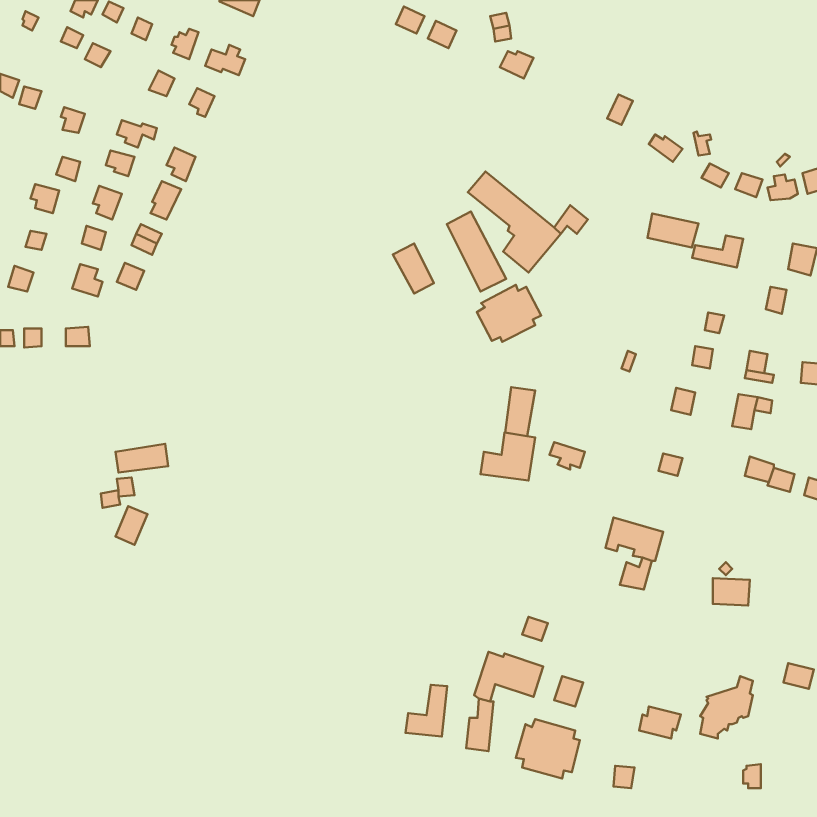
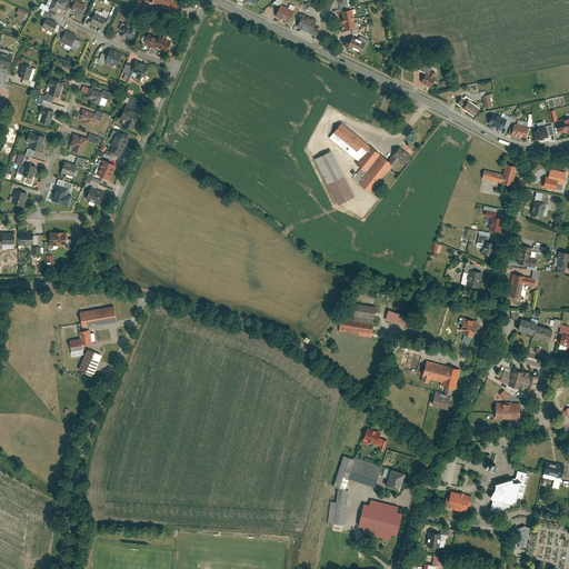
building: [647,214,699,247] -> none
building: [393,243,434,293] -> none
building: [477,285,541,342] -> none
building: [505,387,535,436] -> none
building: none -> [506,366,536,391]
building: [405,685,447,736] -> none

